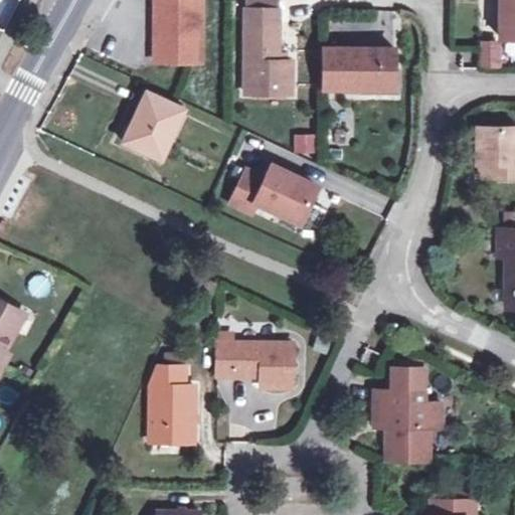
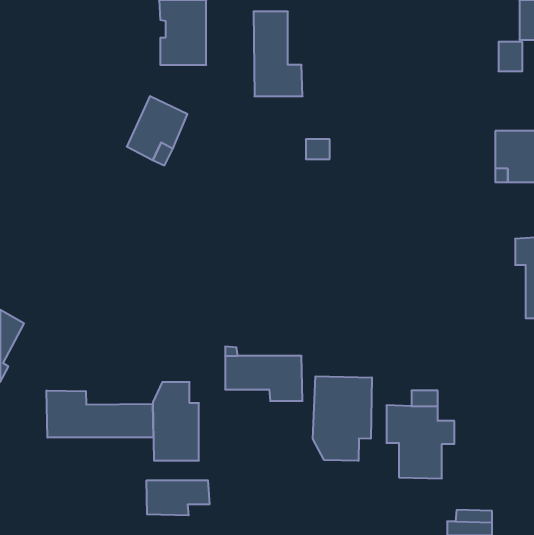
building: [325,48,395,90] -> none
building: [230,164,316,221] -> none
building: none -> [313,376,372,461]
building: none -> [47,390,153,438]
building: none -> [147,480,209,515]

